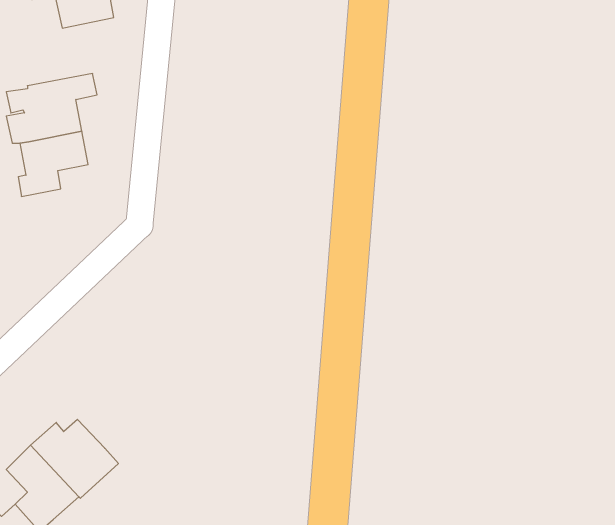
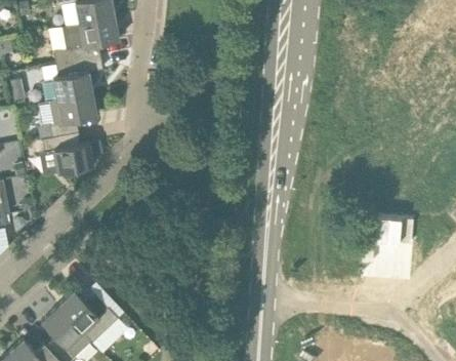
building: none -> [54,17,119,64]
building: none -> [43,133,102,173]

